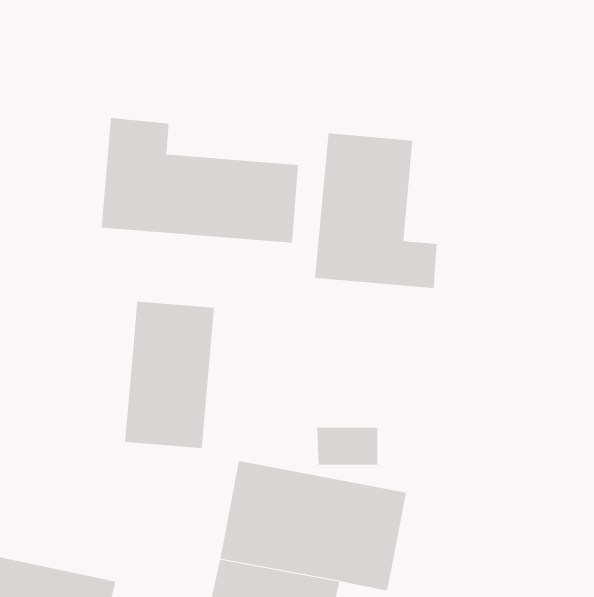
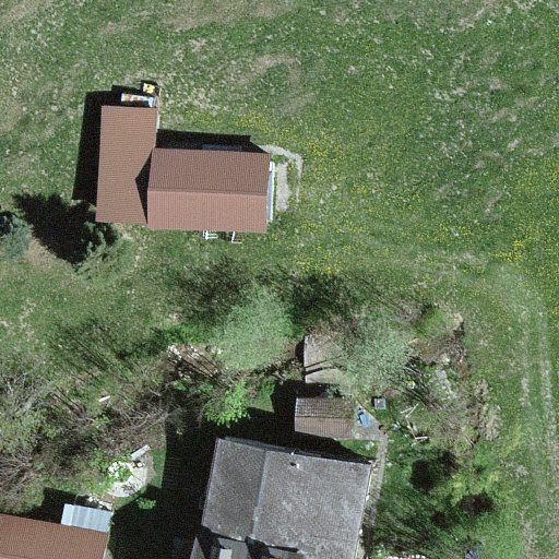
building: [315,132,437,289] -> none
building: [125,301,214,449] -> none

